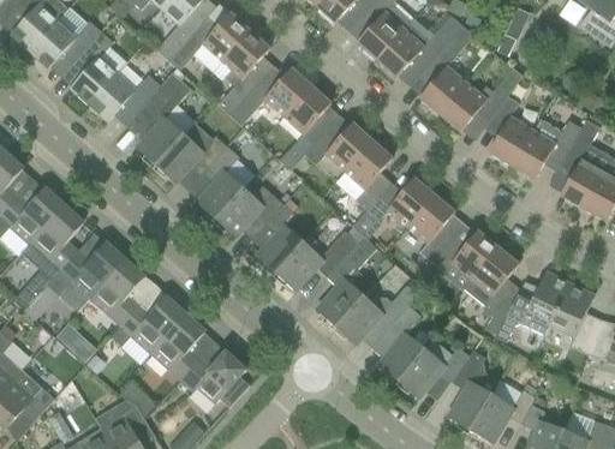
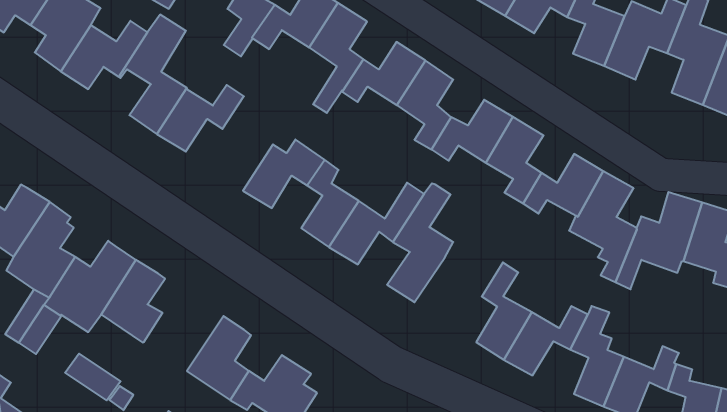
building: [196,145,244,218] -> none
building: [335,285,417,343] -> none
building: [111,295,185,352] -> none

